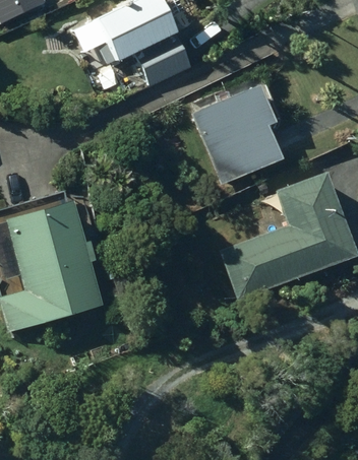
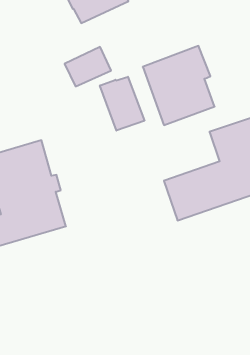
building: [137,37,193,84] -> [65,47,111,86]
building: none -> [100,77,144,131]

